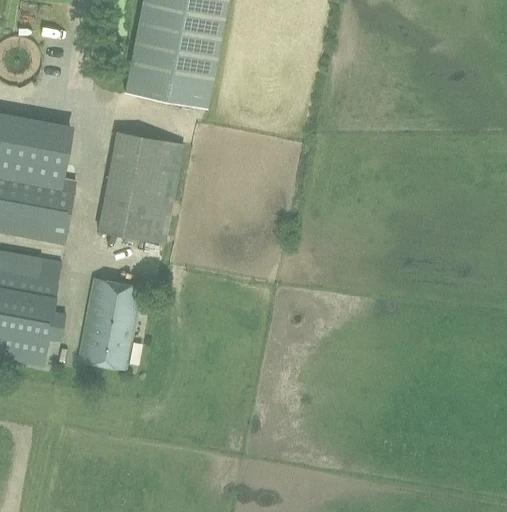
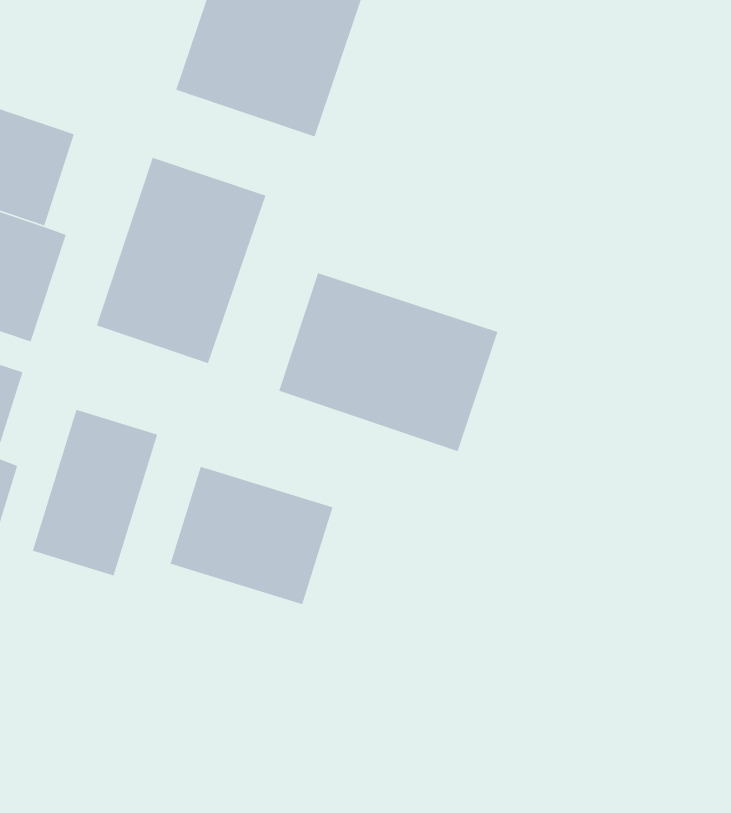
building: none -> [278,272,499,452]
building: none -> [170,466,333,605]

